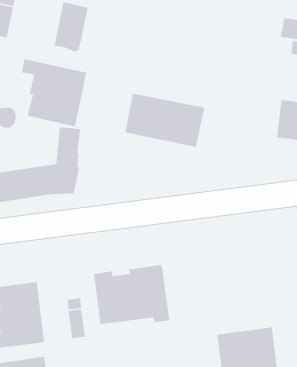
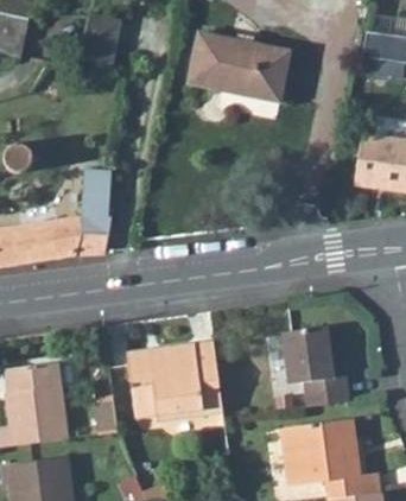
building: [21,59,87,127] -> none
building: [124,93,205,148] -> [188,32,288,101]
building: none -> [283,326,348,406]

